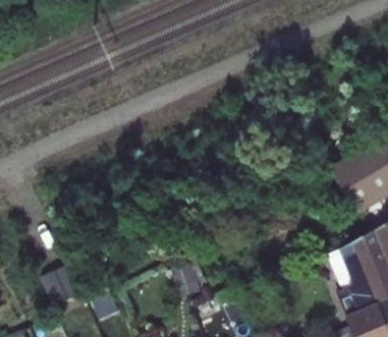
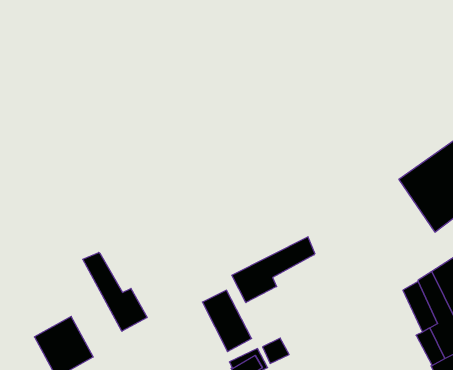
building: none -> [232,237,315,303]
building: none -> [83,252,147,331]

